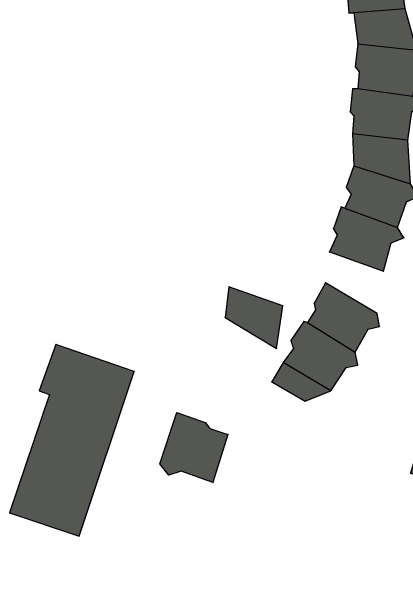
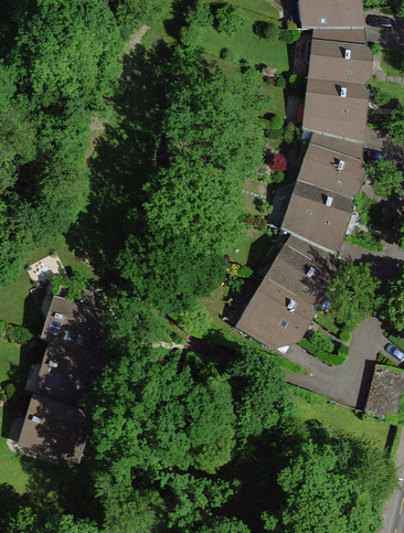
building: [225,287,283,348] -> [286,217,336,270]
building: [160,413,228,483] -> none

